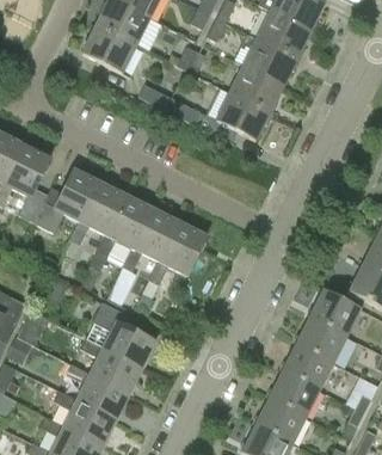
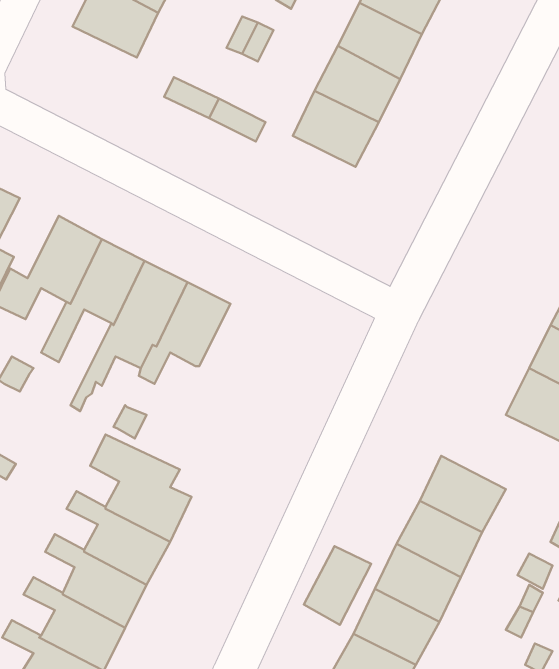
building: [142,222,207,297] -> none
building: [308,288,361,336] -> none
building: none -> [304,546,371,625]

